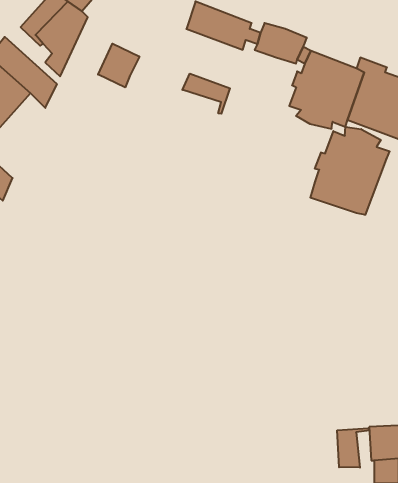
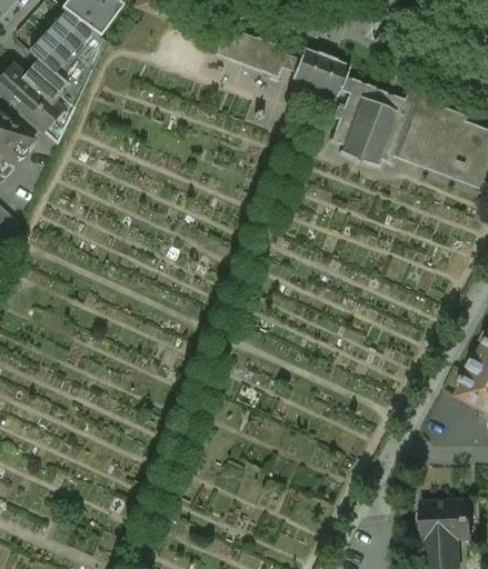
building: [98,44,139,87] -> none
building: [182,74,230,114] -> none
building: [310,127,390,215] -> none
building: [337,428,369,468] -> none

